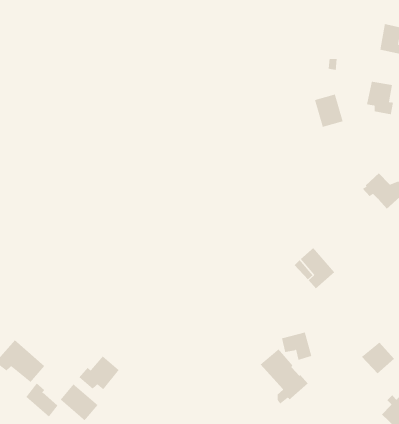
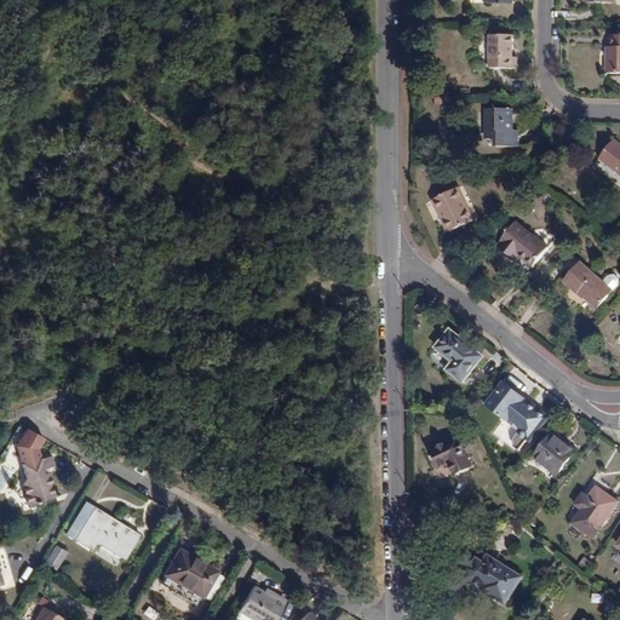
building: [314,94,343,127] -> [431,186,472,231]
building: [260,348,309,405] -> [482,380,547,450]
building: [79,355,120,390] -> none
building: [26,383,58,418] -> none

